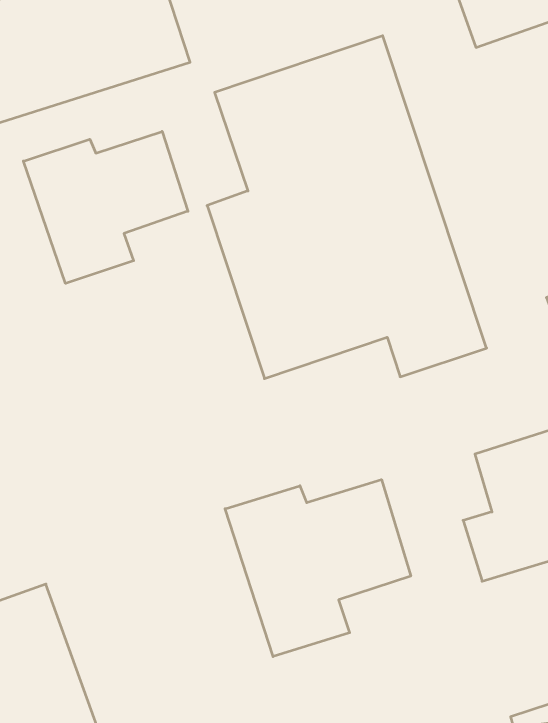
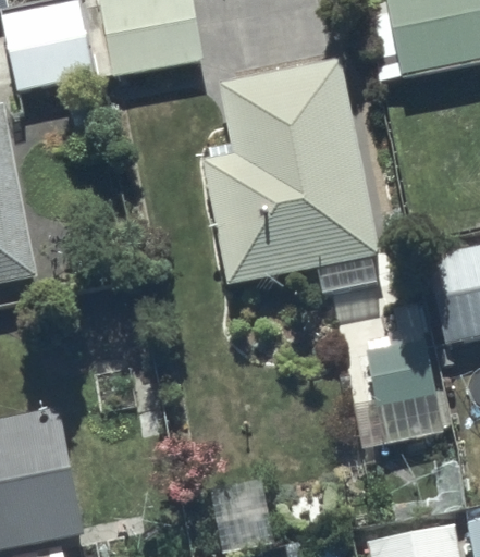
building: [23,131,188,283] -> none
building: [225,480,411,657] -> none

